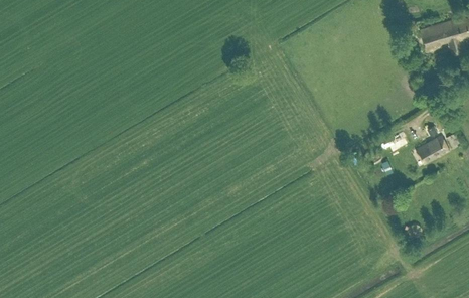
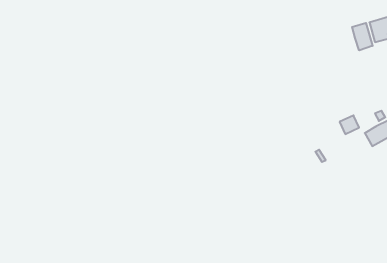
building: none -> [352,23,373,50]

